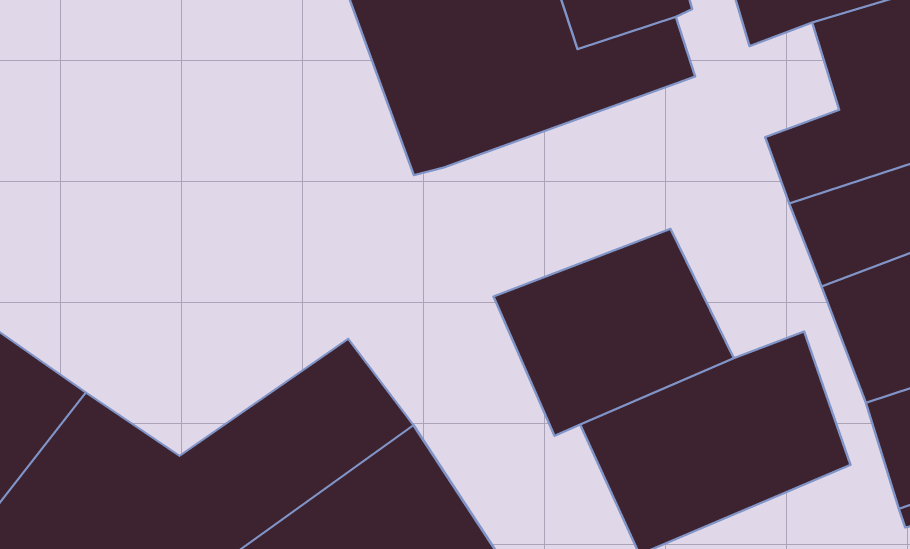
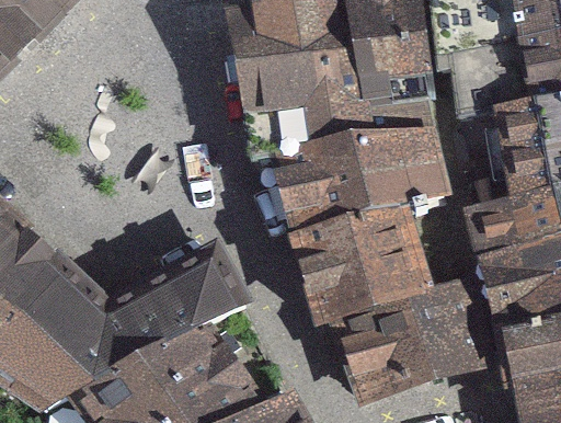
building: none -> [280,134,447,243]

